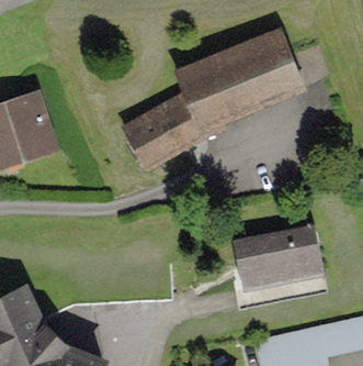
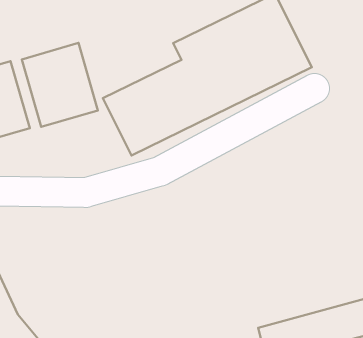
building: none -> [22,43,98,127]
building: [225,225,320,289] -> none

